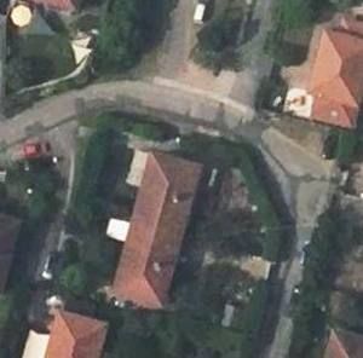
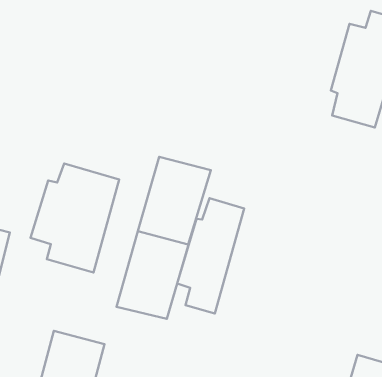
building: none -> [31,164,119,272]
building: none -> [177,198,244,313]

